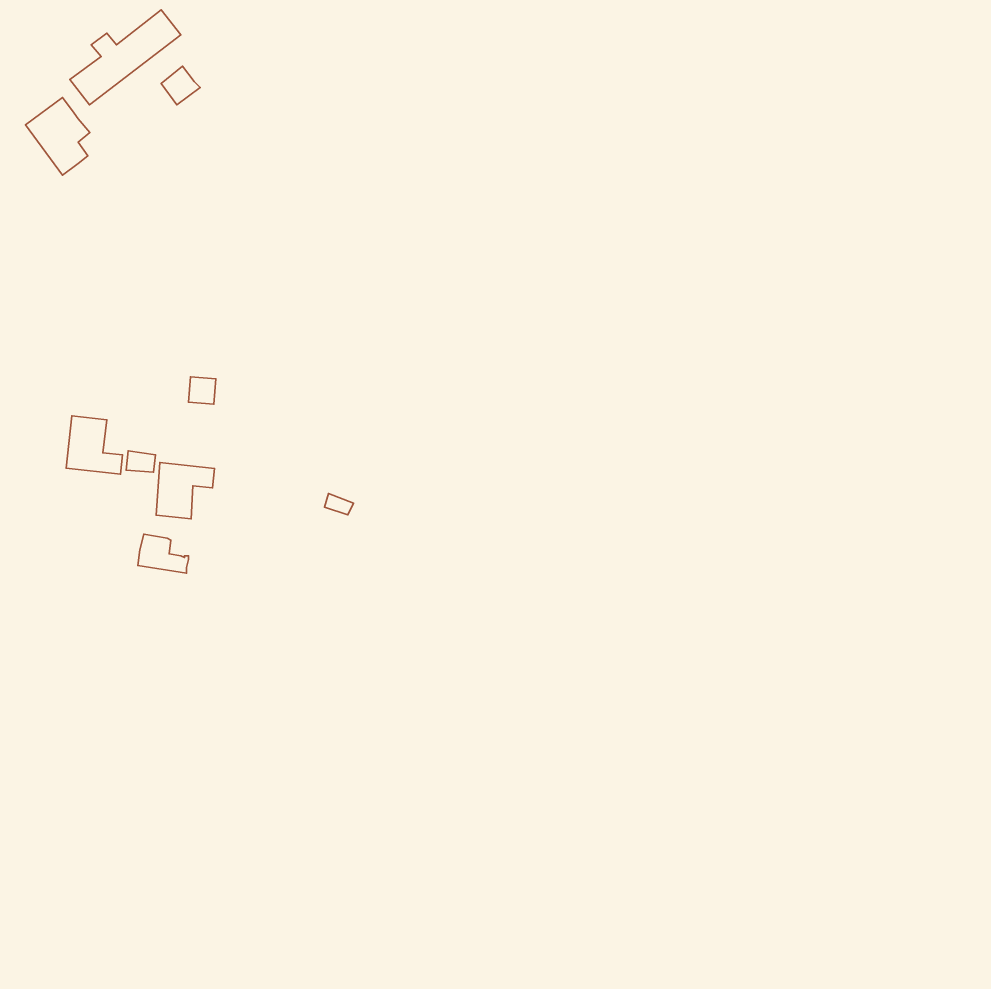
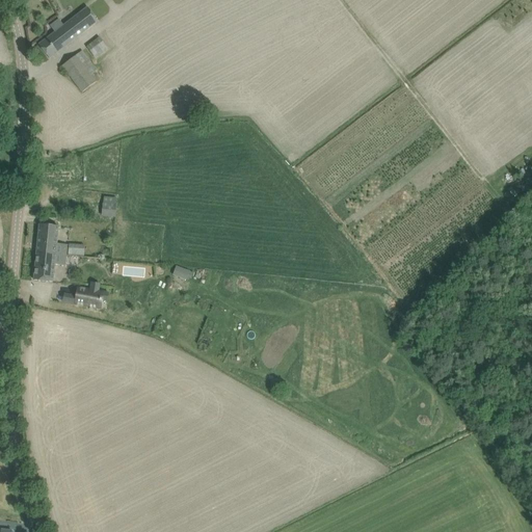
building: [26,97,90,175] -> [61,49,96,90]
building: [156,463,214,519] -> [33,250,64,281]

